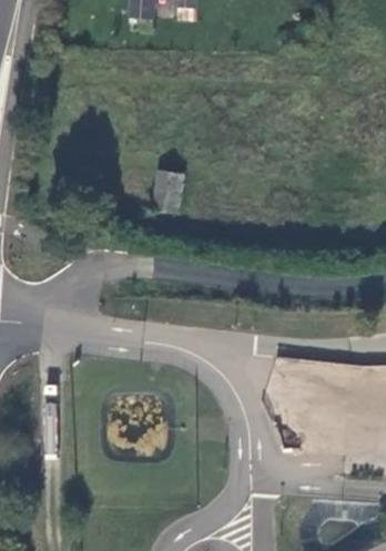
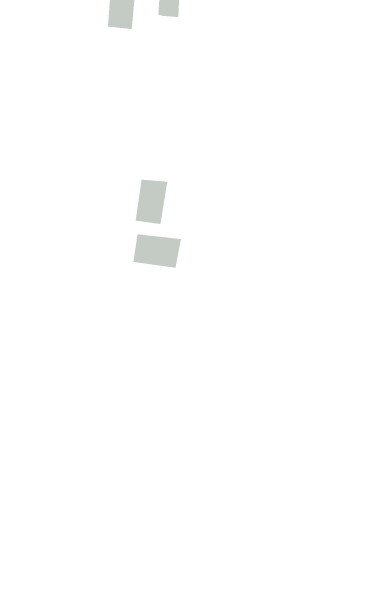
building: none -> [133,233,182,269]

